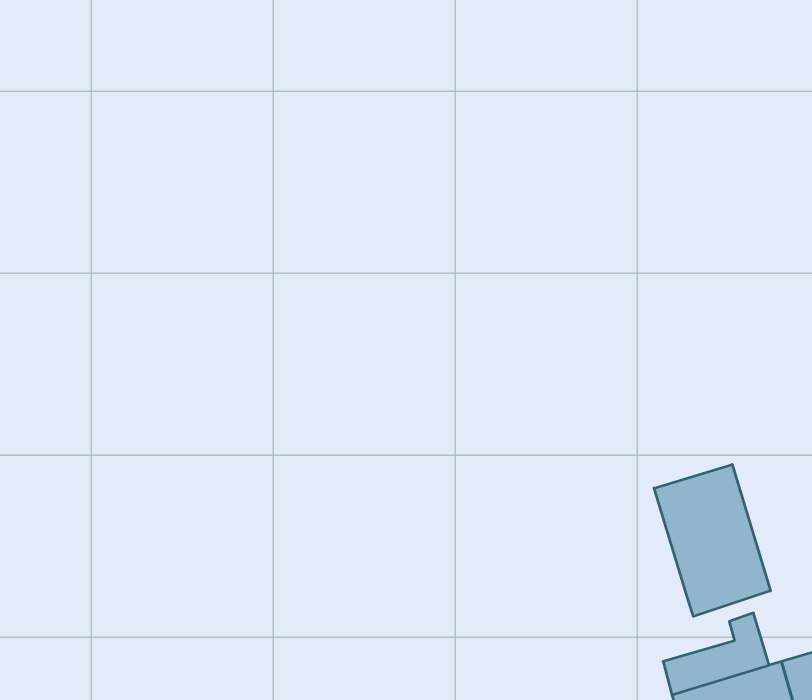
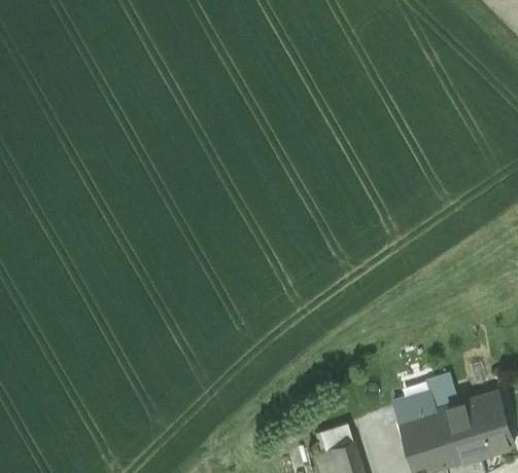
building: [654,464,770,616] -> none

